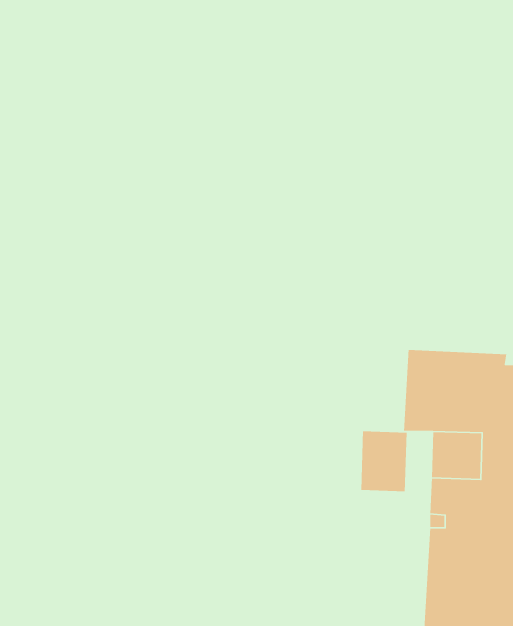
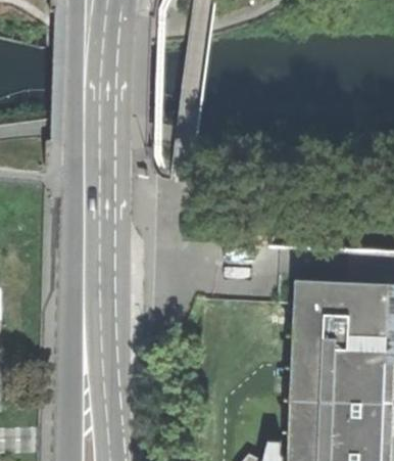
building: [361,431,407,492] -> none

